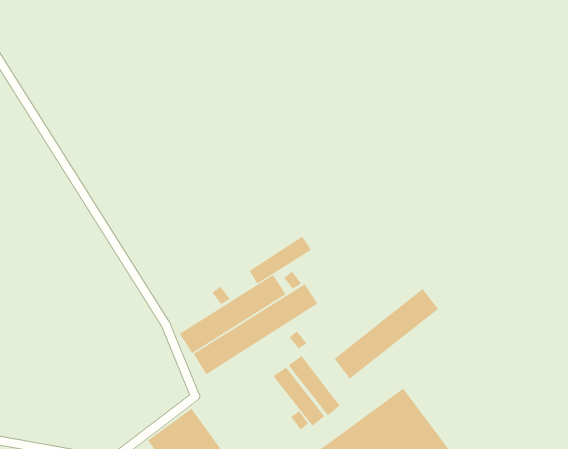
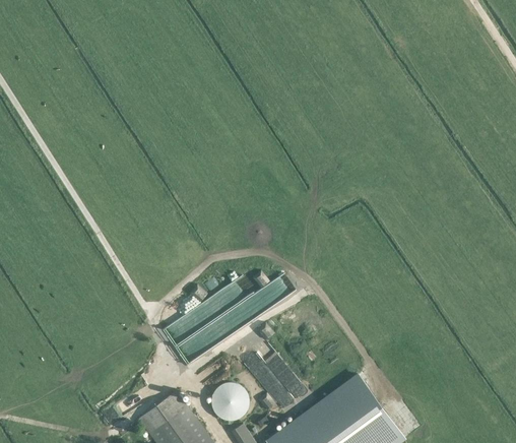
building: [249,236,312,285] -> none
building: [334,288,439,379] -> none
building: none -> [210,380,250,421]

